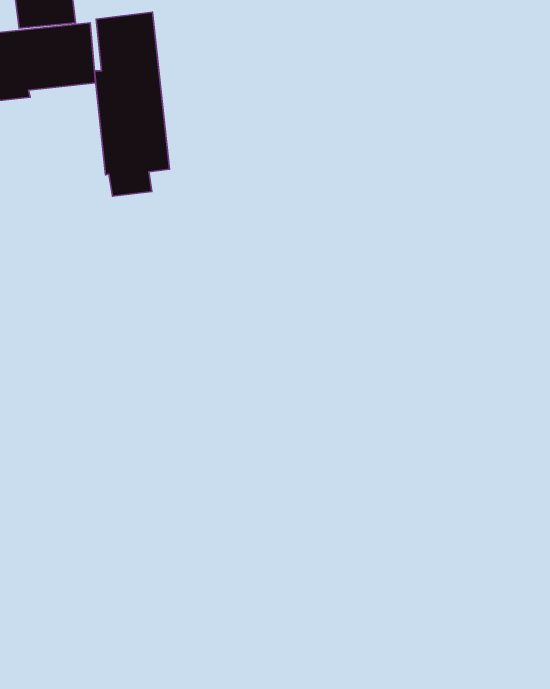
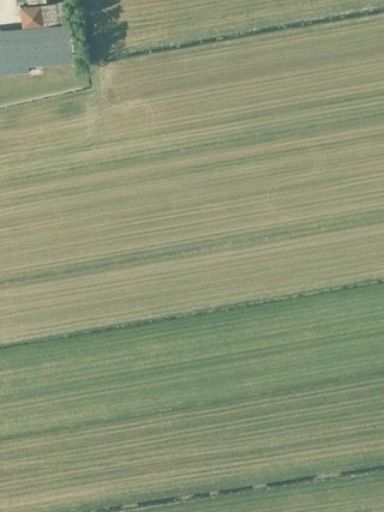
building: [95,12,169,196] -> none

